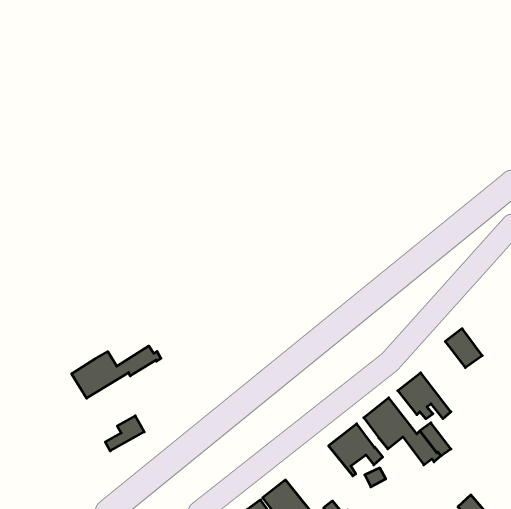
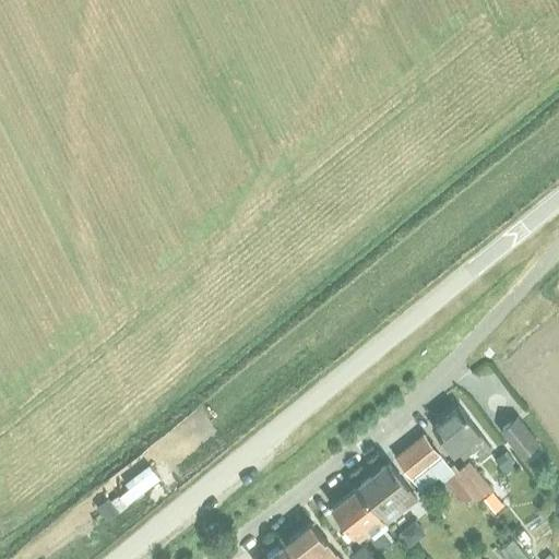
building: [445,329,482,368] -> [499,419,539,462]
building: [72,346,161,398] -> none
building: none -> [333,489,385,544]

